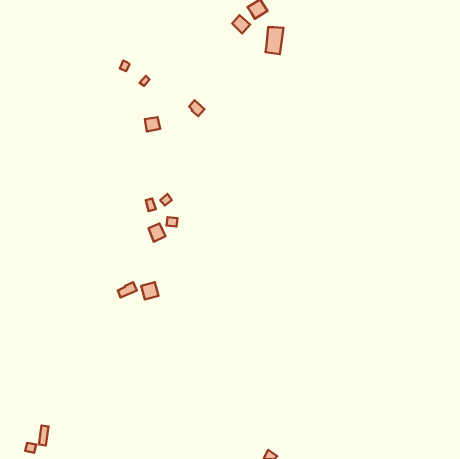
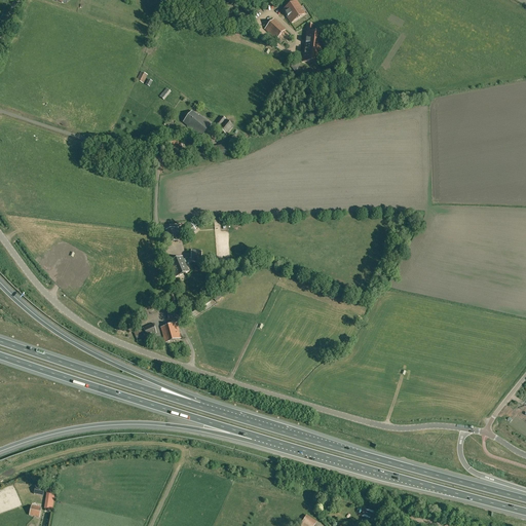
building: none -> [183,109,211,137]

